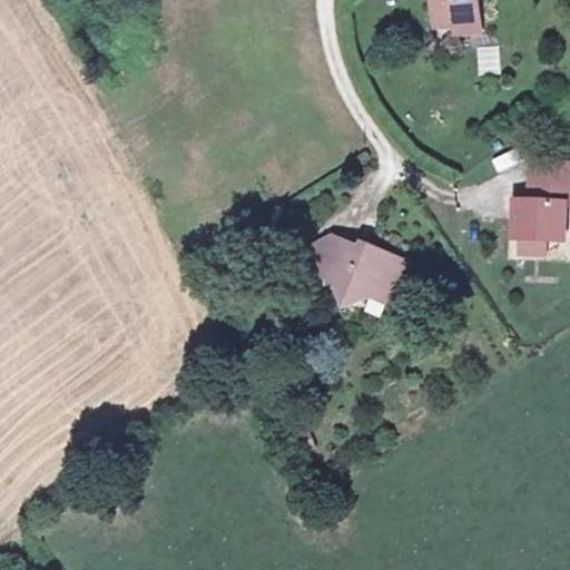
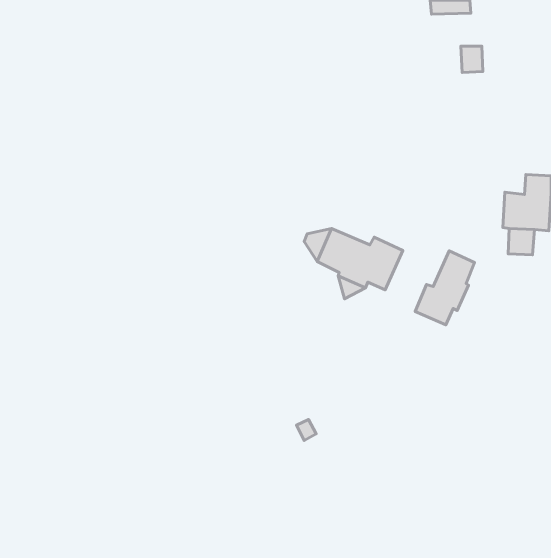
building: none -> [415,251,475,325]

